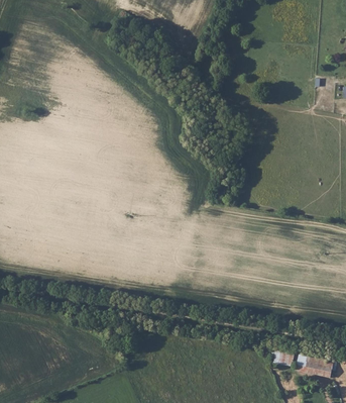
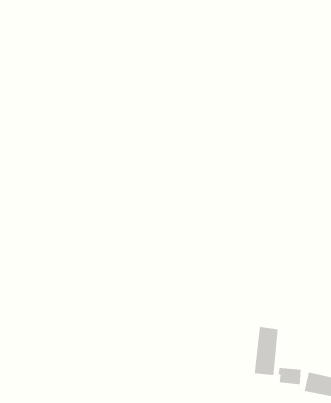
building: none -> [254,326,278,376]

